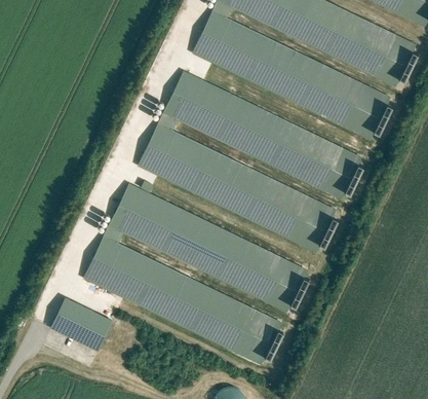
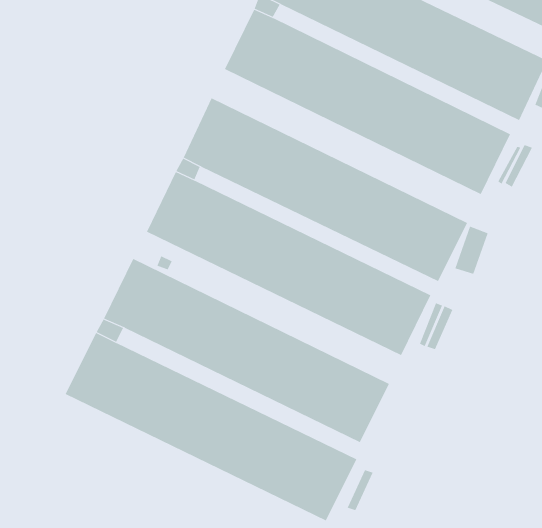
building: [47,297,111,351] -> none

